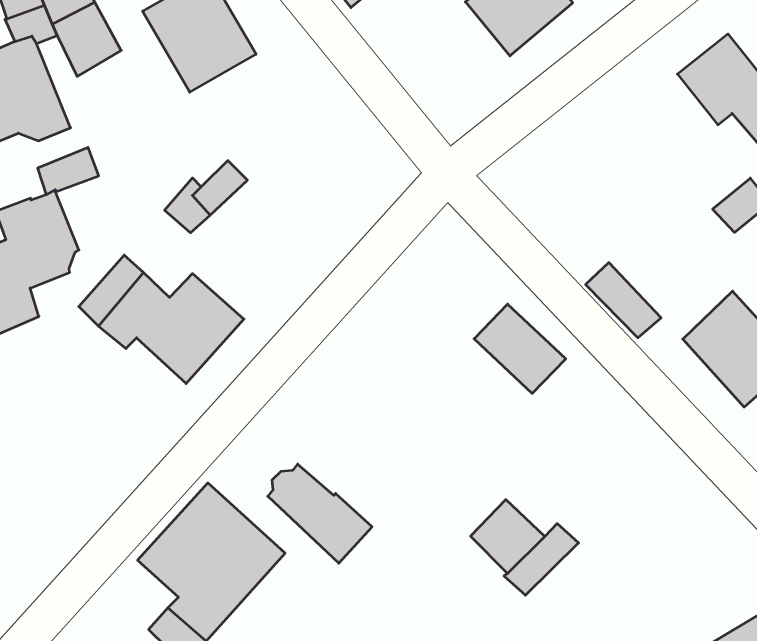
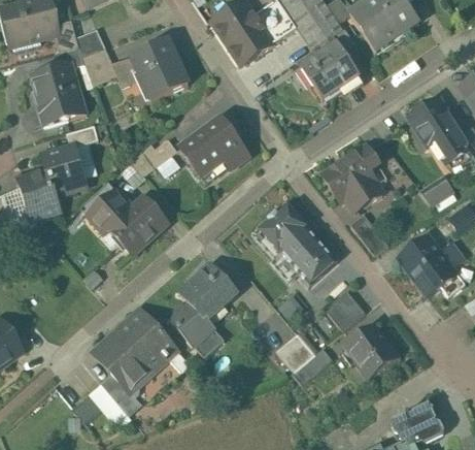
building: none -> [180,118,247,178]
building: none -> [323,146,383,211]
building: none -> [253,202,309,258]
building: none -> [179,263,238,321]
building: none -> [325,289,366,330]
building: none -> [345,324,398,378]

